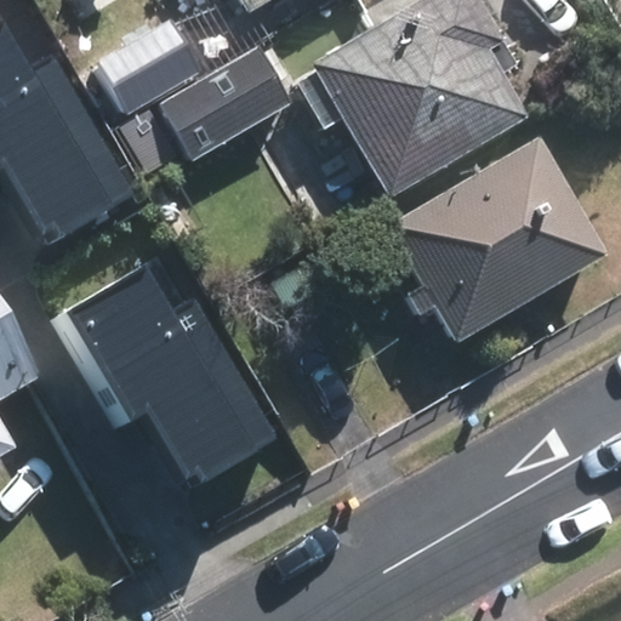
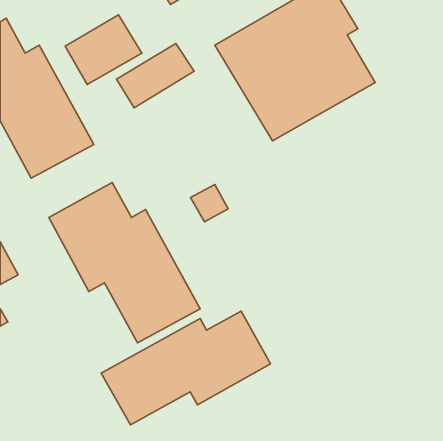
building: [383,141,605,346] -> none
building: none -> [101,311,271,425]

